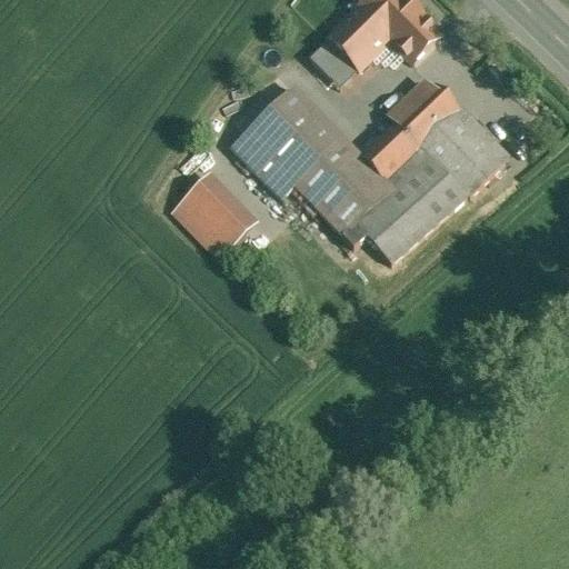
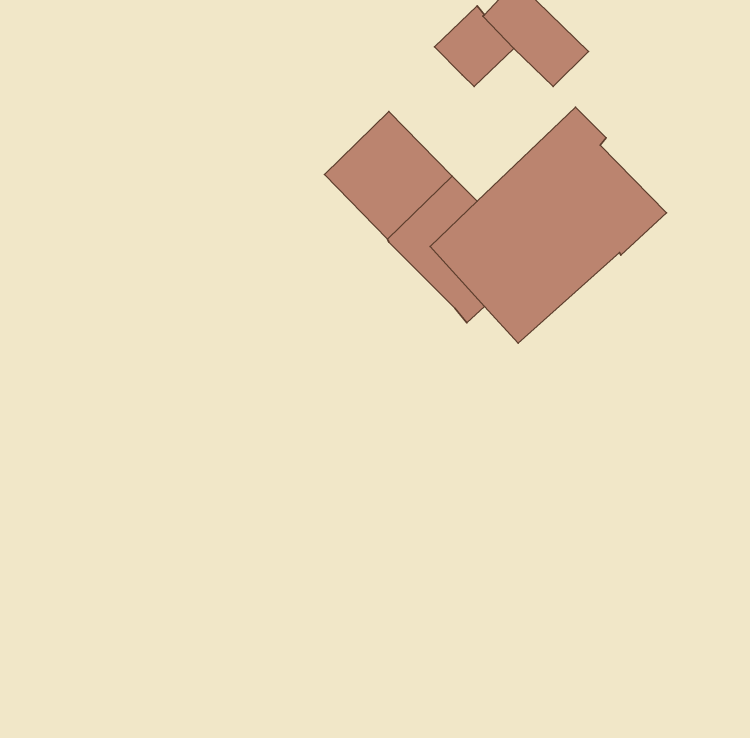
building: [310,36,350,76] -> none
building: [233,132,295,196] -> none
building: [174,181,247,254] -> none

